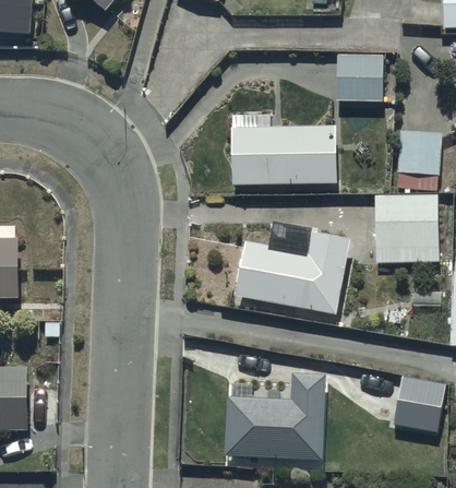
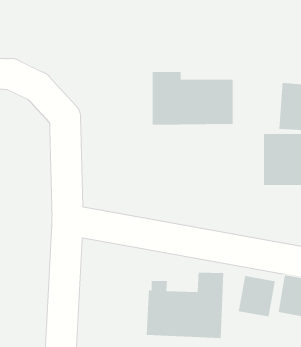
building: [336,55,384,100] -> none
building: [236,230,351,323] -> none
building: none -> [238,275,275,317]

